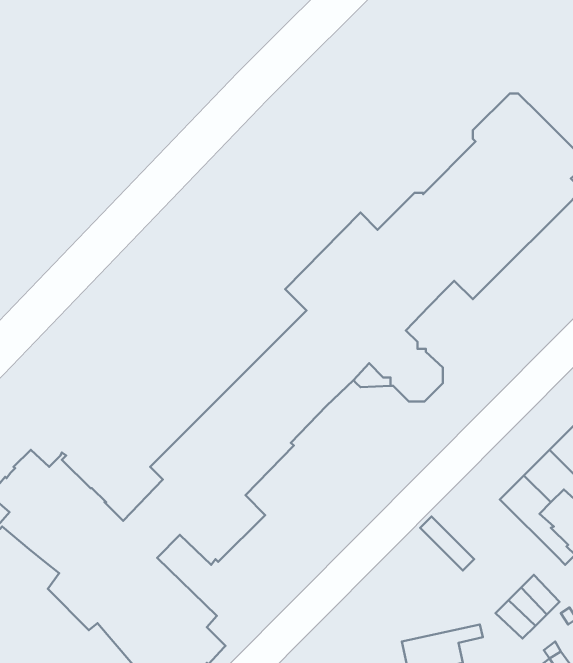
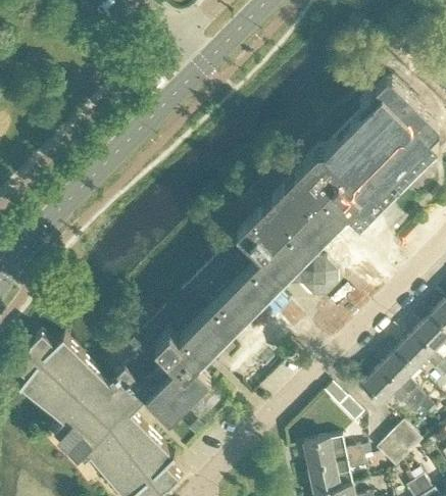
building: none -> [363,369,420,416]
building: none -> [304,438,365,472]

